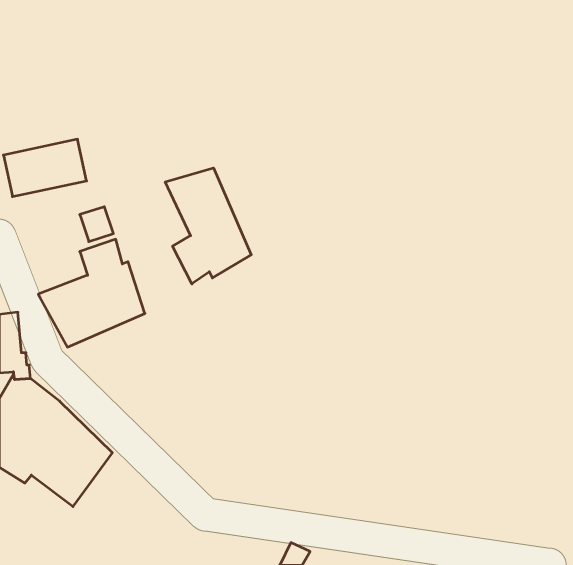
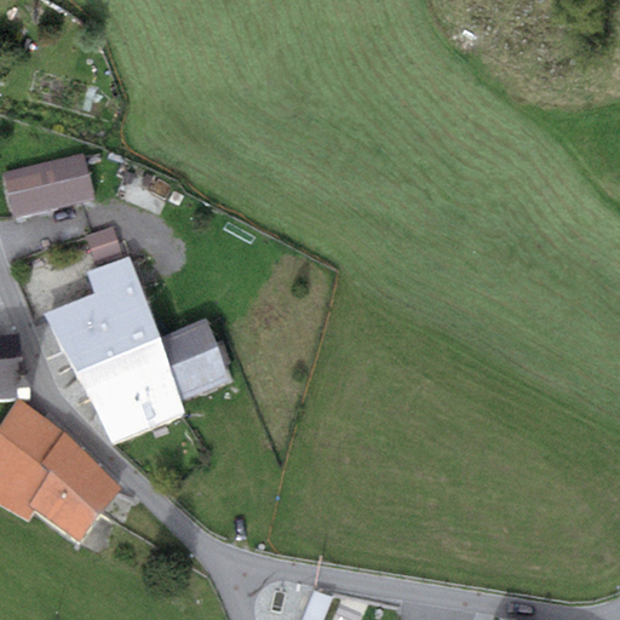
building: [165,168,251,284] -> none
building: none -> [73,318,229,446]

